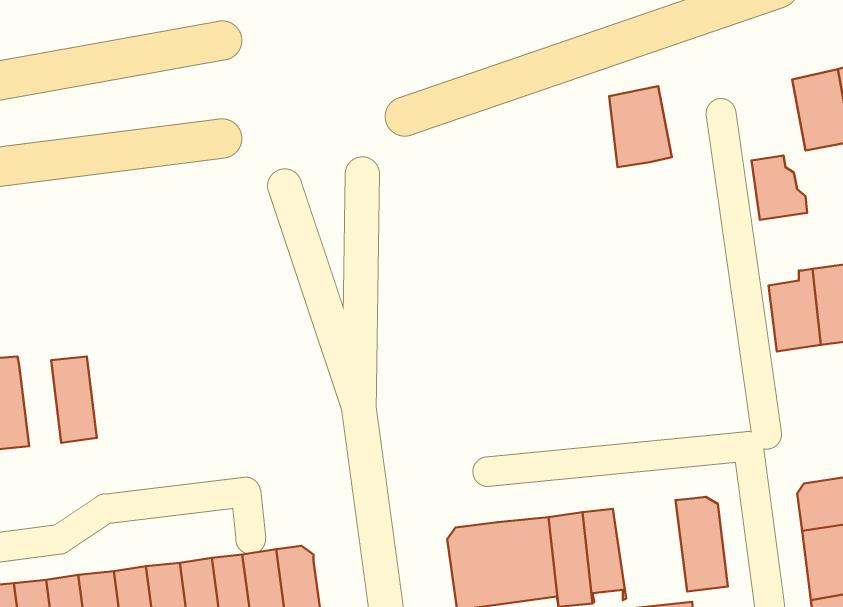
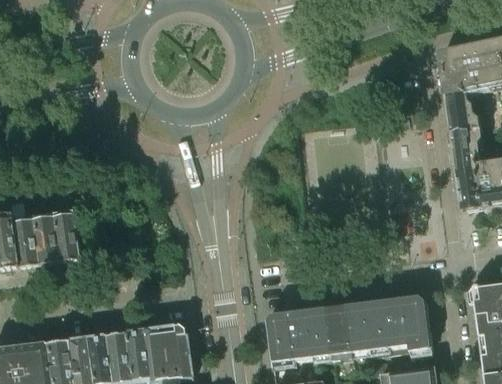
building: [609,86,672,167] -> [441,48,478,96]
building: none -> [451,127,480,170]
building: none -> [53,209,79,260]
building: none -> [13,214,38,265]
building: none -> [364,297,408,355]

